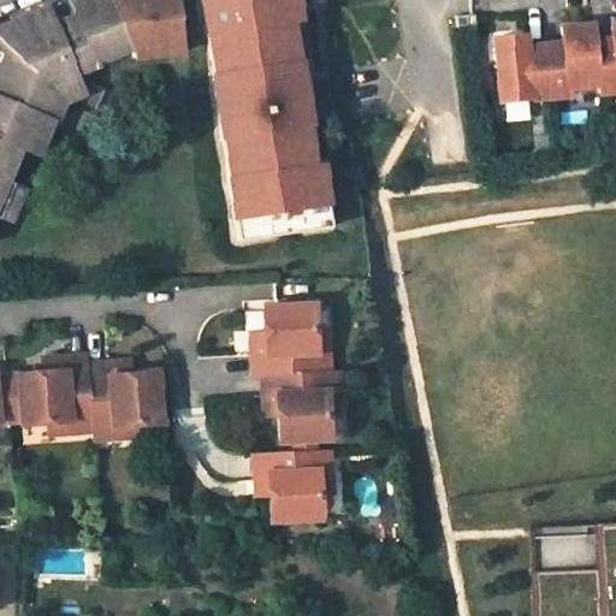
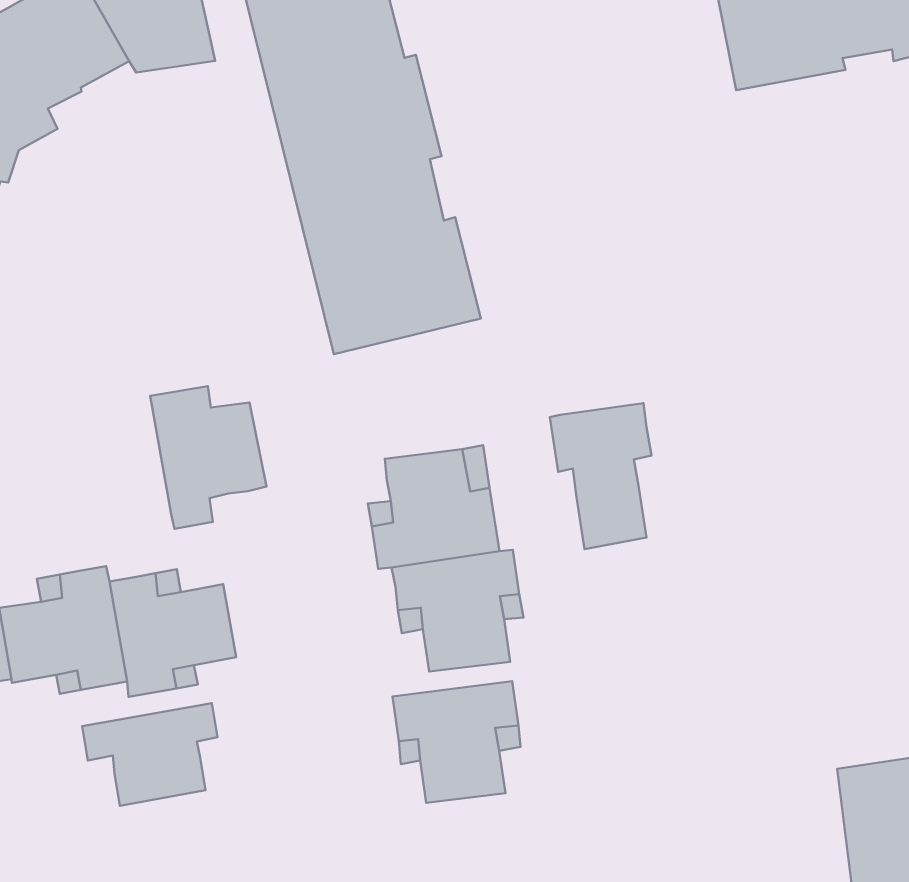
building: none -> [150,386,267,529]
building: none -> [550,403,651,549]
building: none -> [82,703,217,806]

